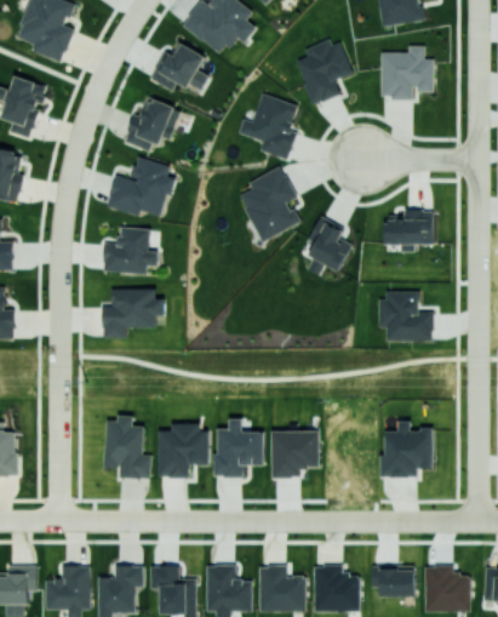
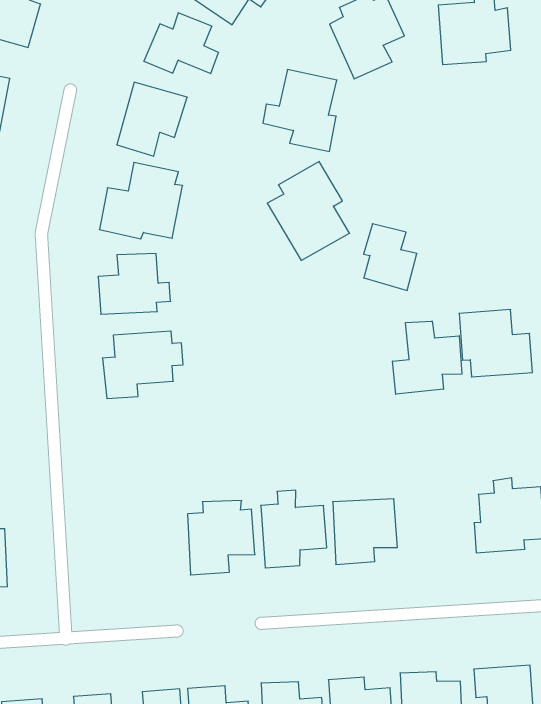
building: [385,210,433,252] -> none
building: none -> [393,321,462,394]
building: [103,415,151,479] -> none

